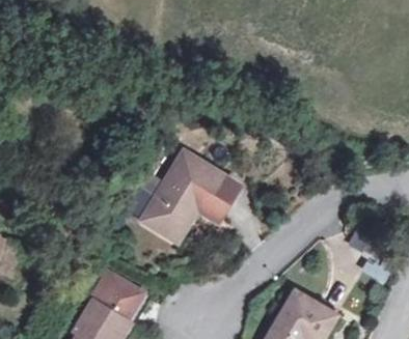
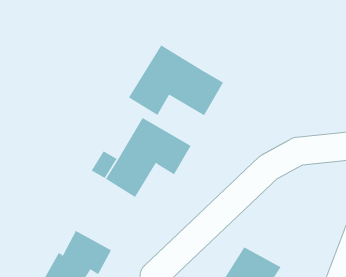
building: none -> [128,45,224,116]

